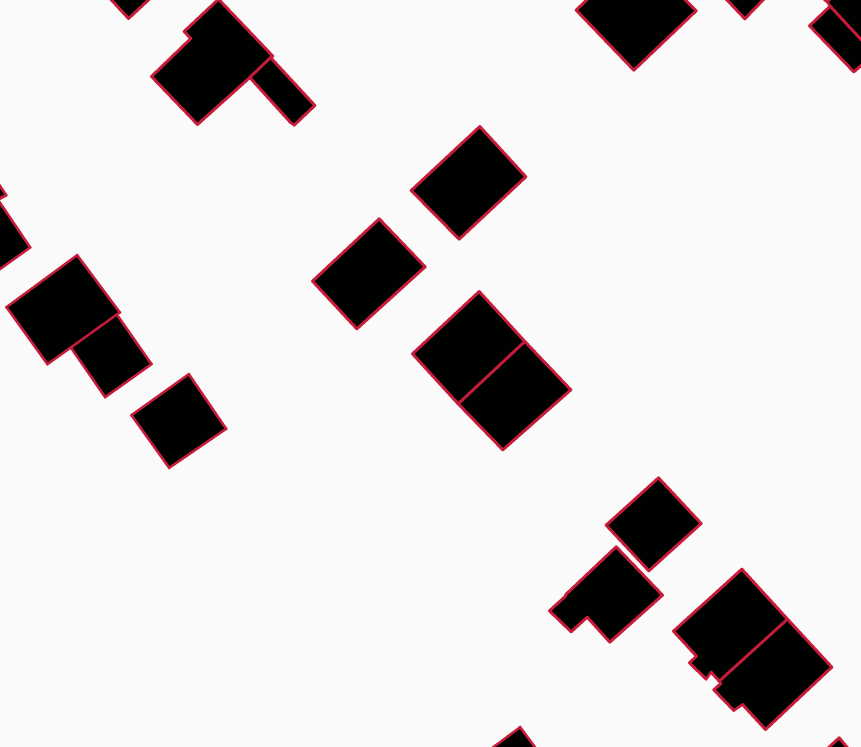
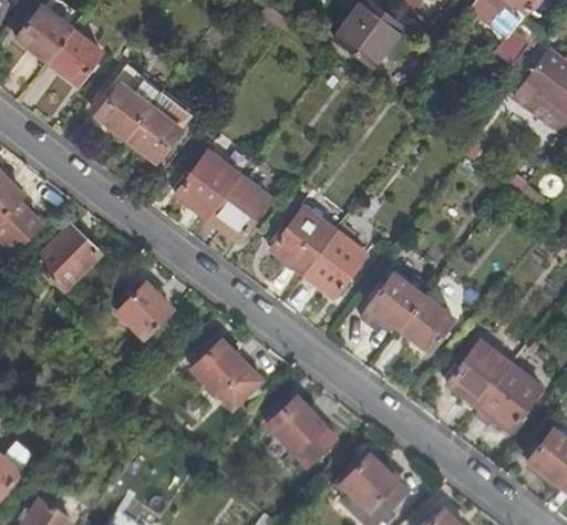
building: none -> [126,106,179,161]
building: [411,127,526,239] -> [175,151,239,217]
building: [71,315,151,397] -> none
building: none -> [192,340,260,409]
building: [549,547,662,642] -> [361,274,424,329]
building: none -> [266,397,336,466]

